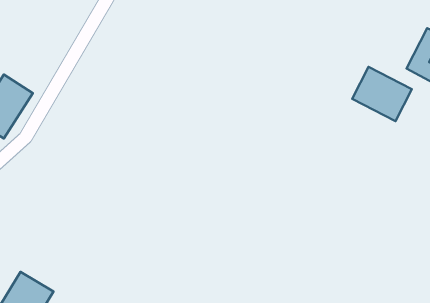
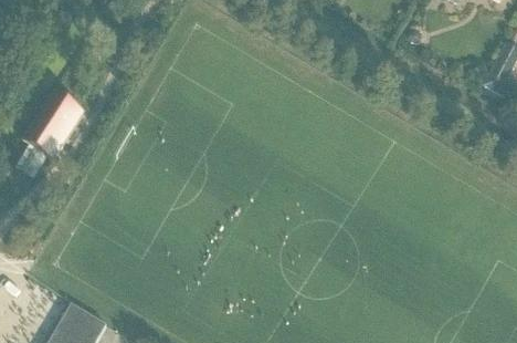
building: [352,67,412,121] -> none

